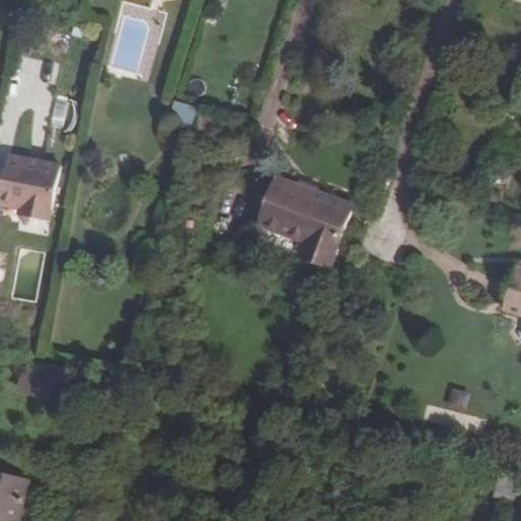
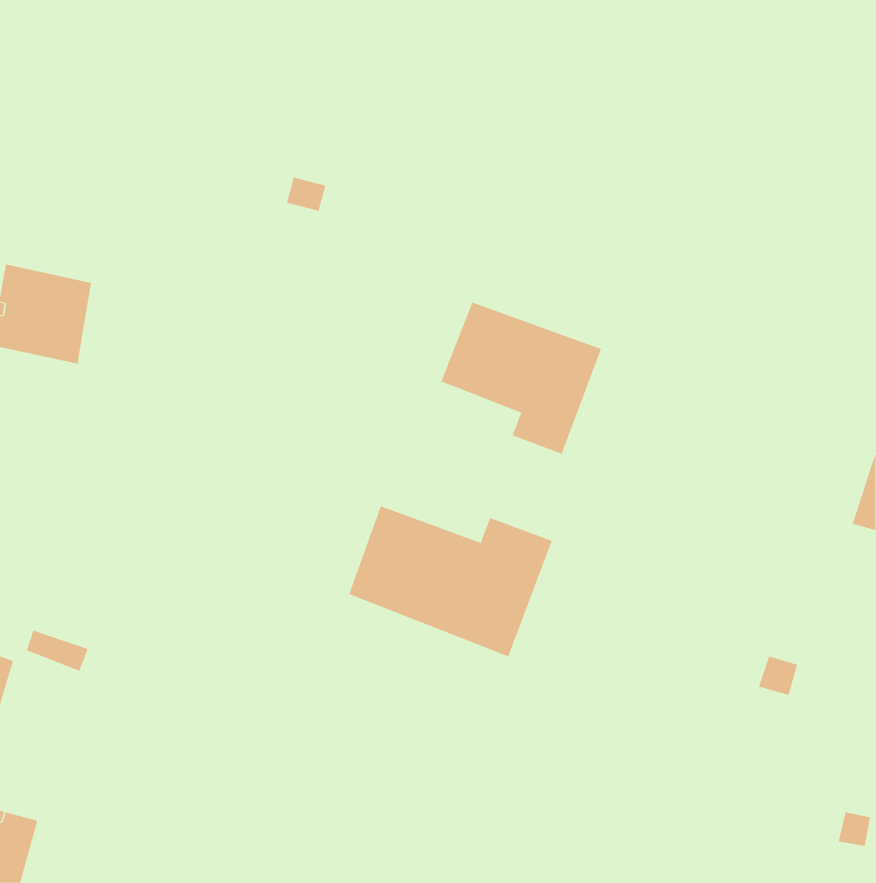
building: none -> [348,506,552,657]

